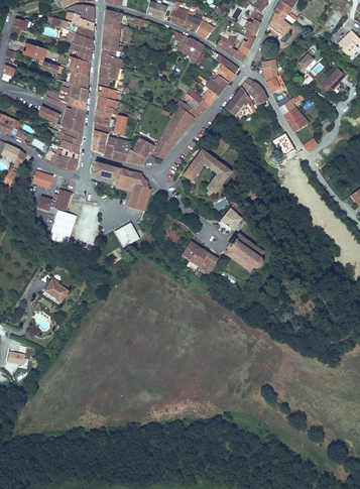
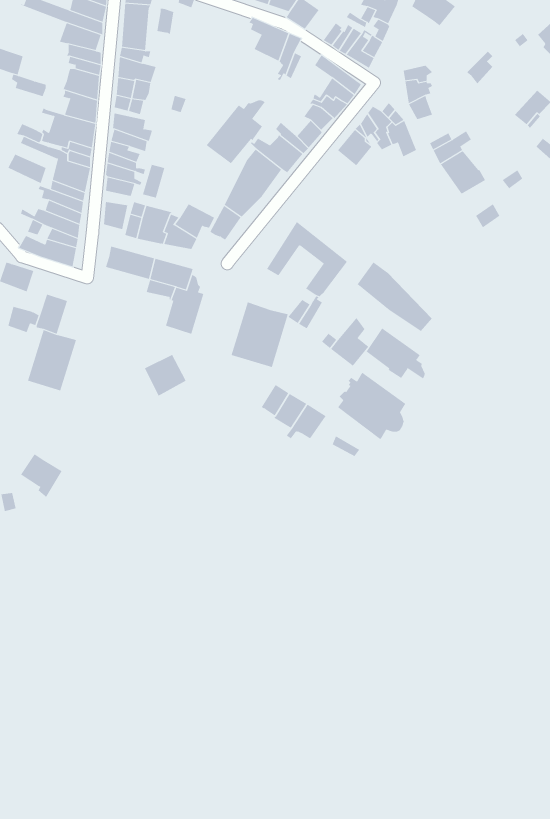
building: none -> [206,100,266,164]
building: none -> [357,261,433,332]
building: none -> [231,302,288,368]
building: none -> [366,327,425,380]

